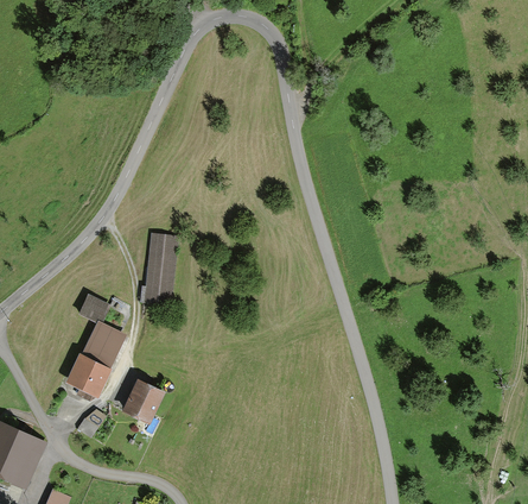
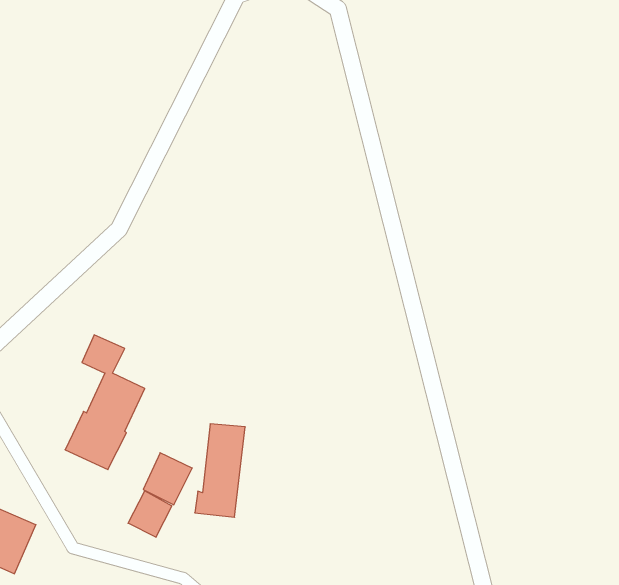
building: [139,232,178,304] -> [195,424,245,517]
building: none -> [128,491,172,537]

